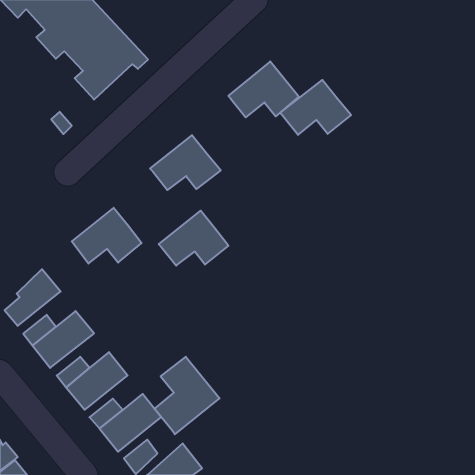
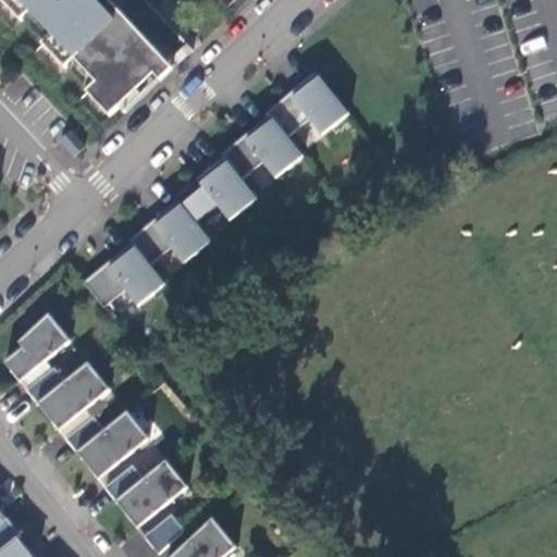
building: [280,80,351,135] -> [221,115,304,180]
building: [159,211,228,266] -> [129,200,211,264]
building: [154,357,220,434] -> none

